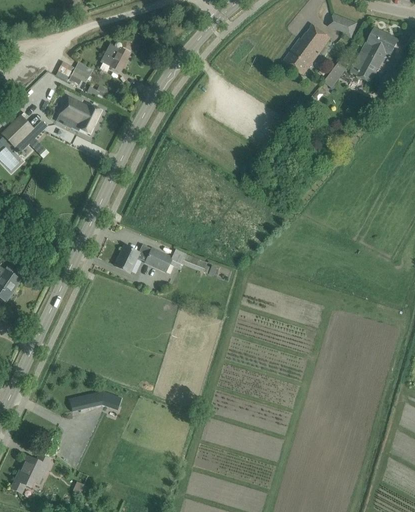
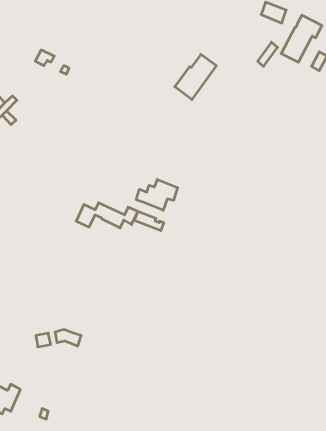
building: [282,24,330,76] -> [175,54,216,100]
building: [99,43,129,72] -> none
building: [59,97,99,133] -> none
building: none -> [136,179,178,210]

